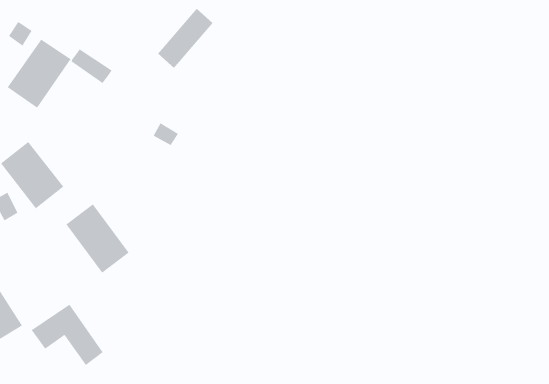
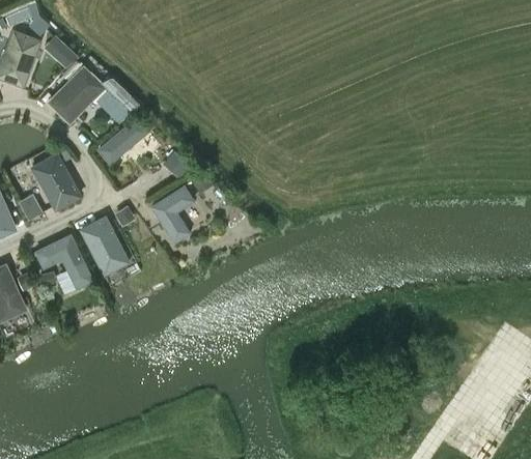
building: [157,8,213,69] -> [97,115,150,165]
building: none -> [150,185,195,245]
building: [31,304,104,366] -> [34,234,94,290]

